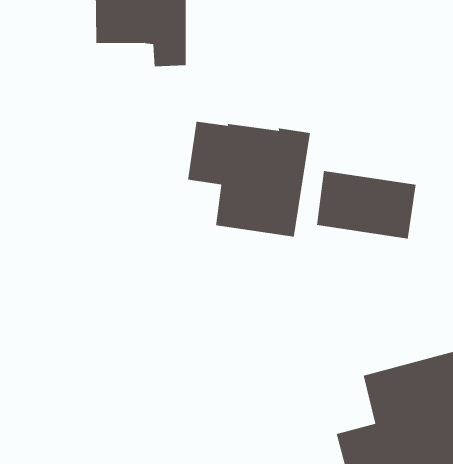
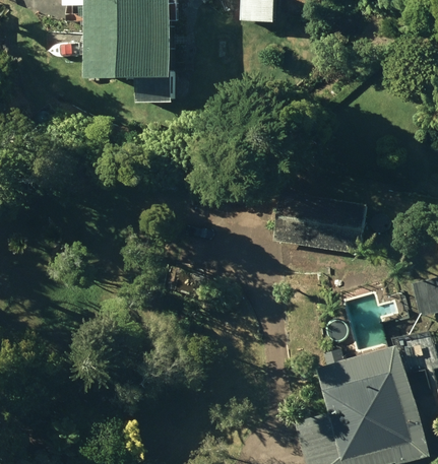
building: [187,121,310,237] -> none

